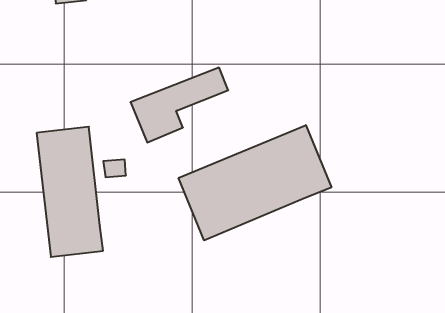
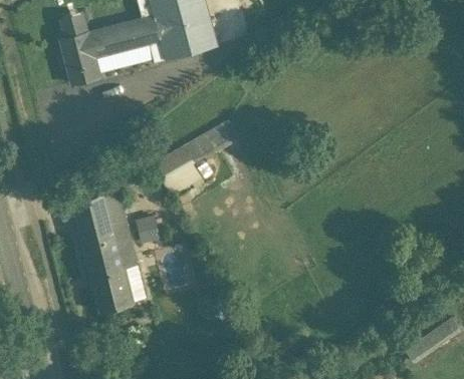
building: [179,125,331,240] -> none

